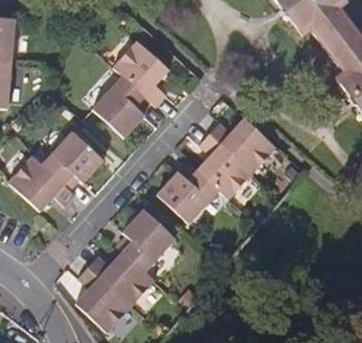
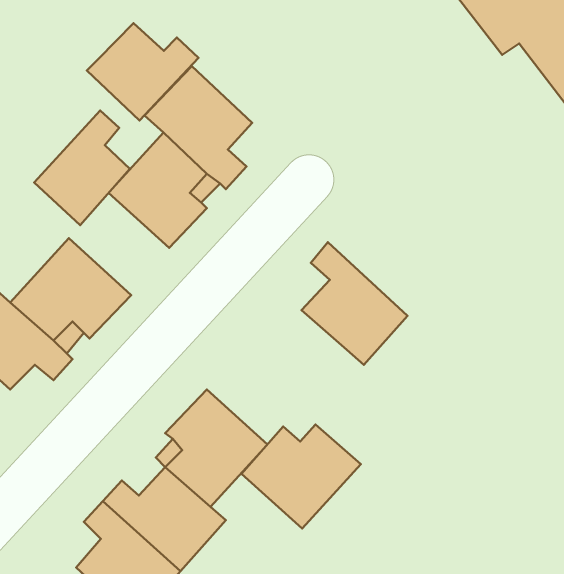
building: none -> [87,23,199,121]
building: none -> [34,111,130,225]
building: [210,116,275,172] -> none
building: [156,168,220,224] -> [242,425,361,529]

